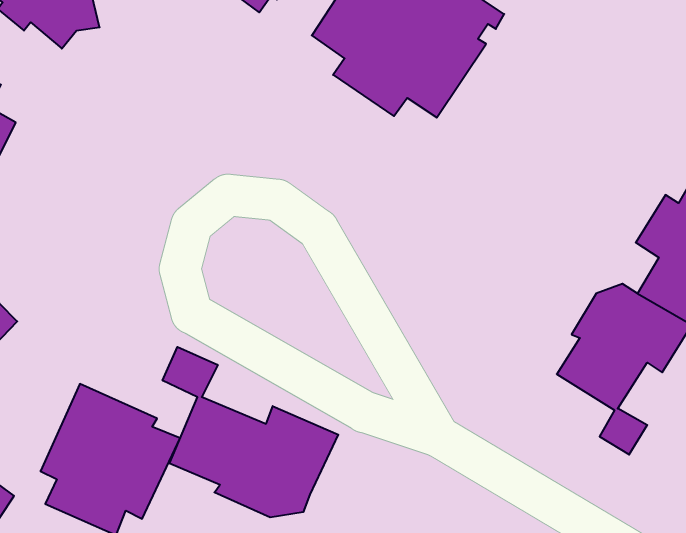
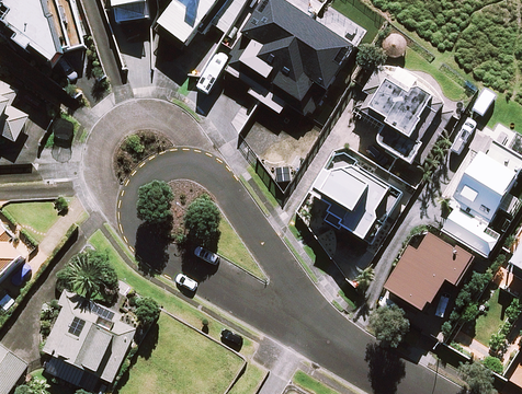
building: none -> [361,61,454,167]
building: none -> [317,162,389,239]
building: [163,347,338,517] -> none

